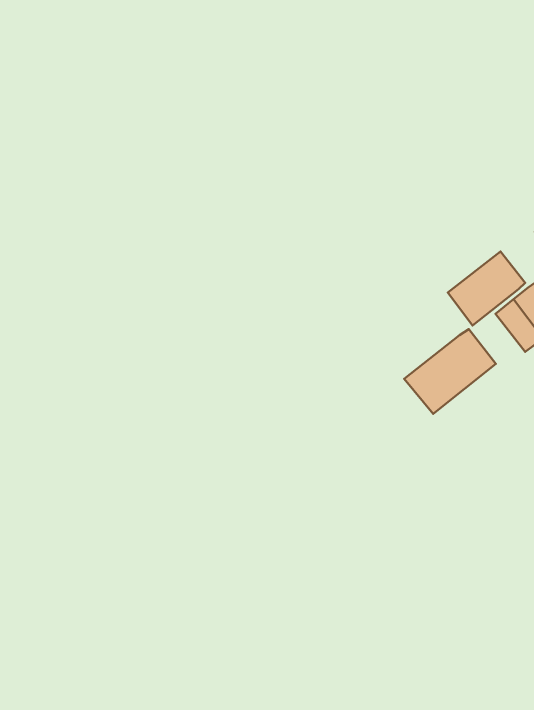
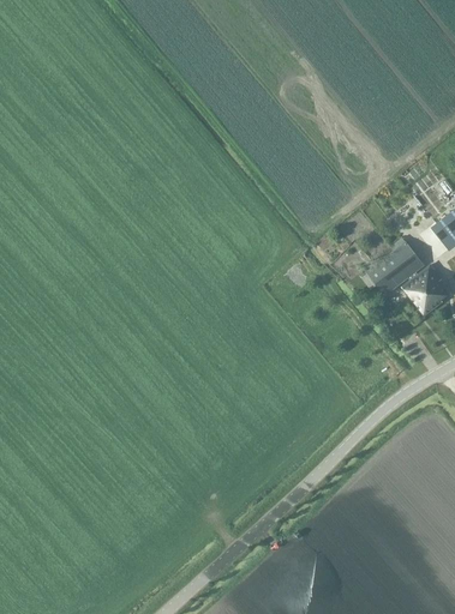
building: [404,329,496,414] -> none

